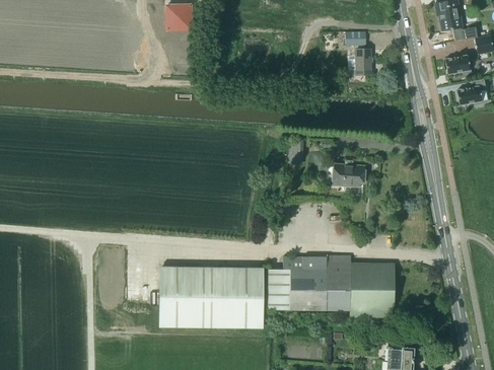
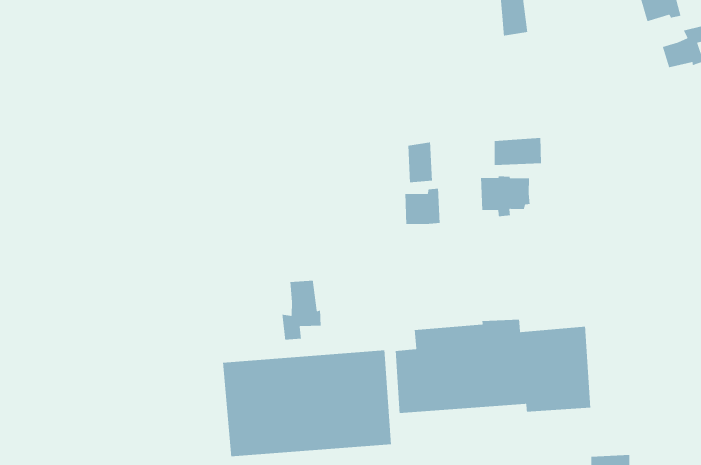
building: none -> [494,137,542,166]
building: none -> [405,188,441,225]
building: none -> [282,280,321,340]

